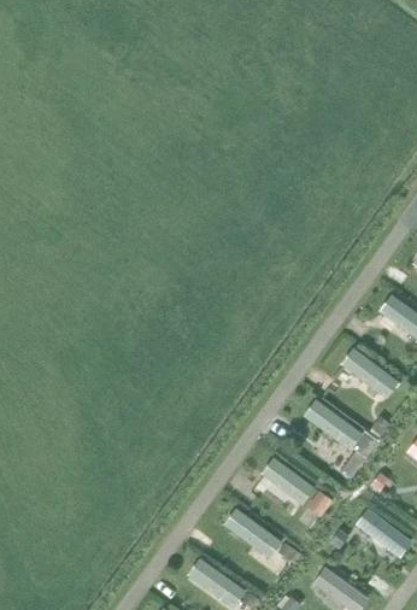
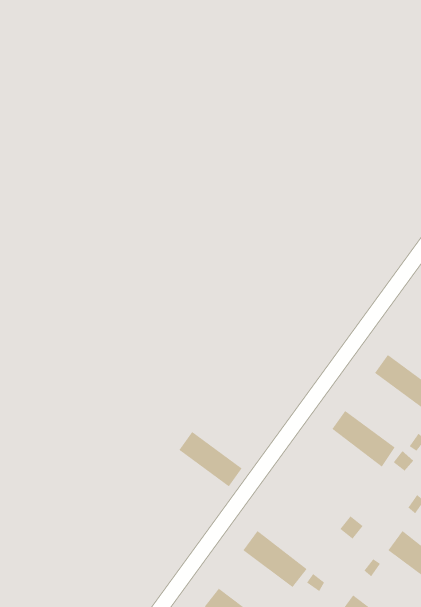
building: [260,456,318,506] -> [179,431,243,487]

